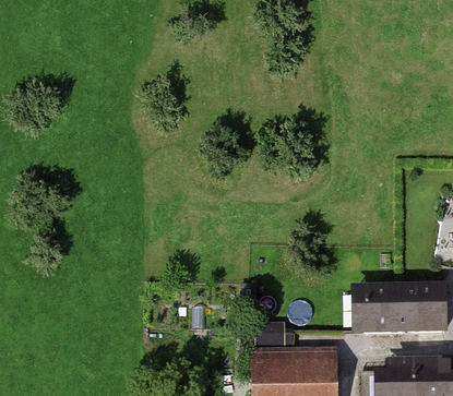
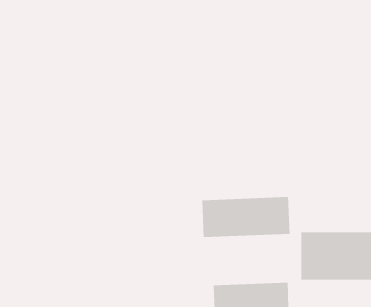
building: none -> [202,196,290,238]

